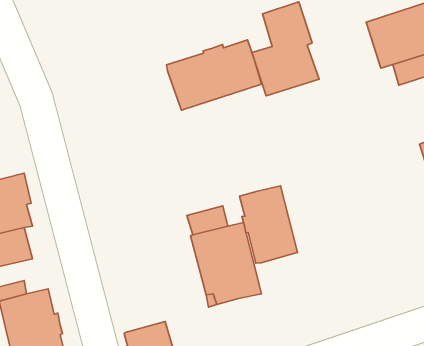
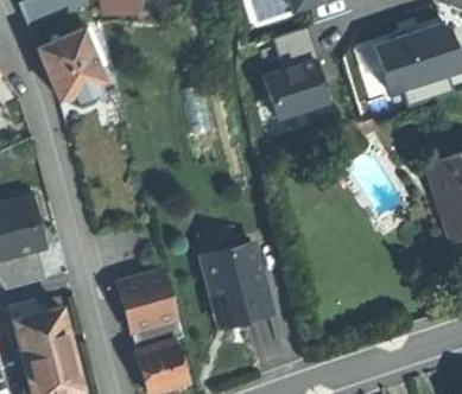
building: none -> [39,30,103,100]
building: [167,40,262,110] -> none
building: [240,186,297,263] -> none
building: none -> [118,269,185,350]

